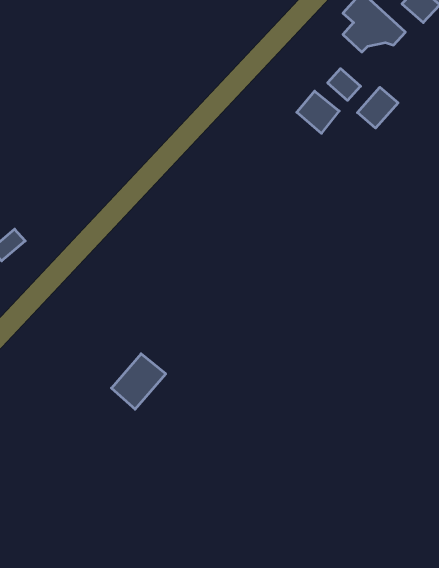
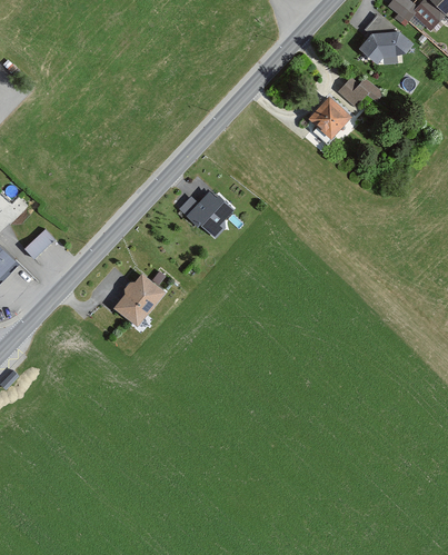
building: [357,87,398,128] -> none
building: none -> [189,196,230,237]
building: [111,354,166,409] -> [113,276,165,328]

